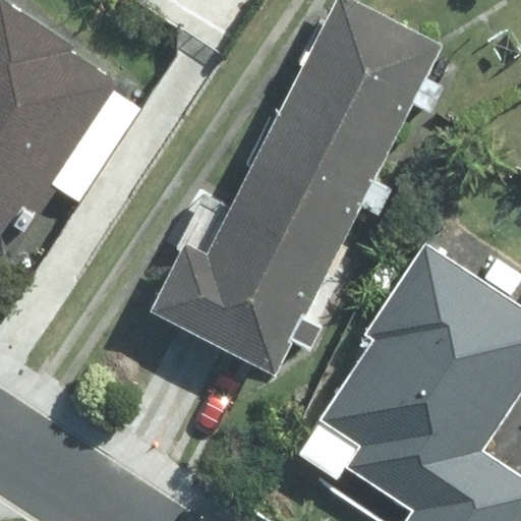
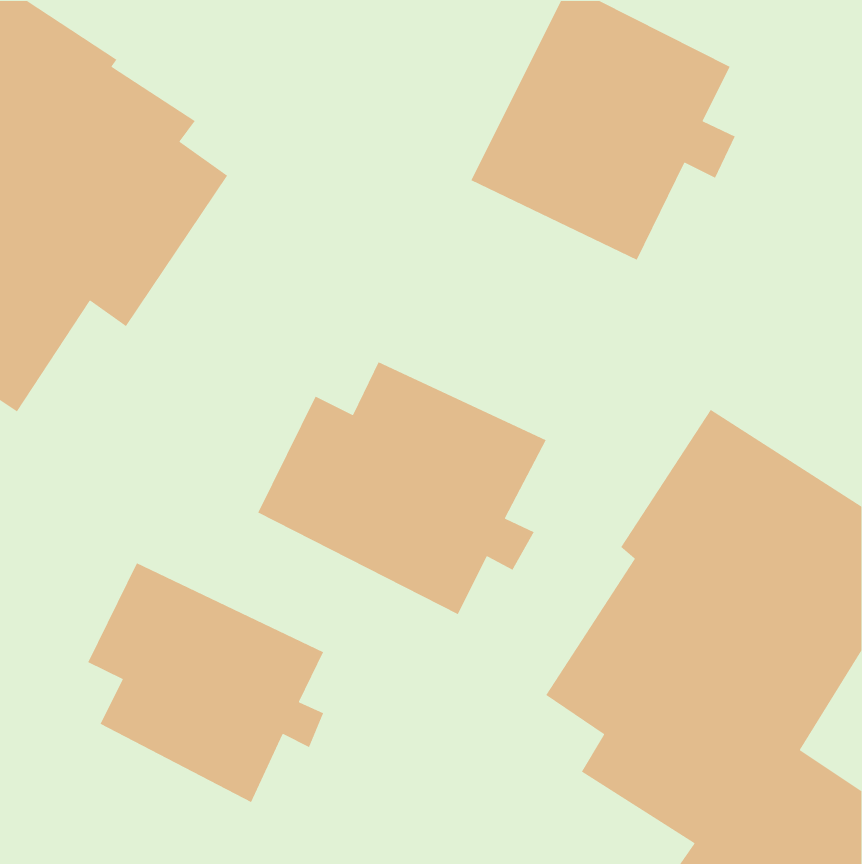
building: [226,112,386,267] -> none
building: none -> [87,562,324,803]

